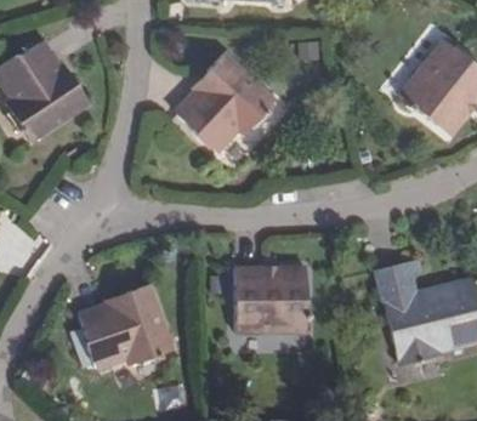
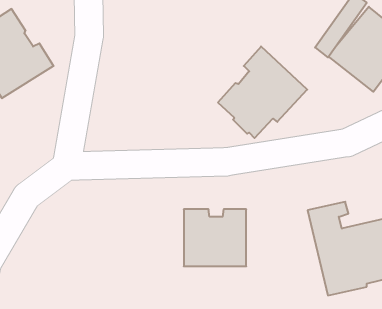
building: [177,51,278,154] -> [218,46,307,138]
building: [79,283,175,369] -> none

